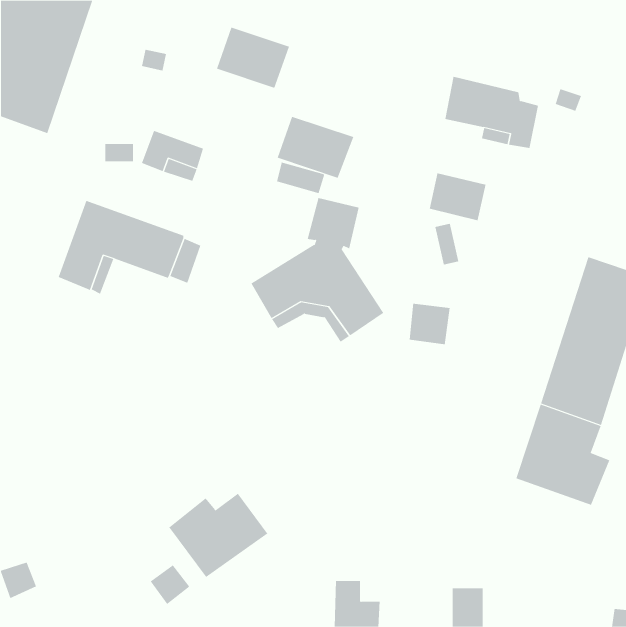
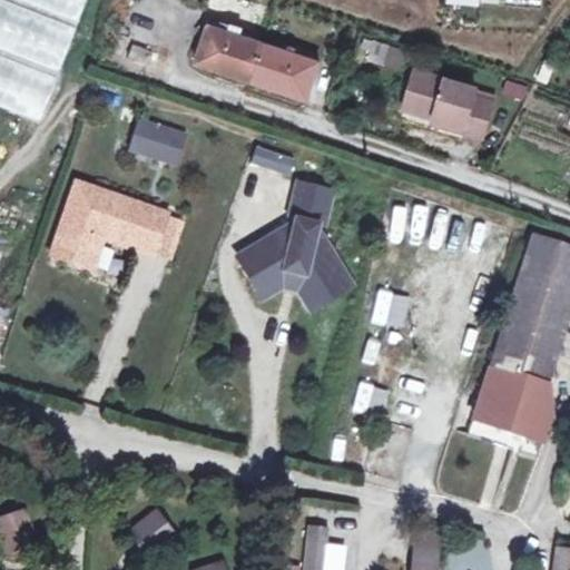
building: [277,116,354,179] -> [250,42,321,99]
building: [429,172,486,221] -> none
building: [168,493,268,578] -> none

